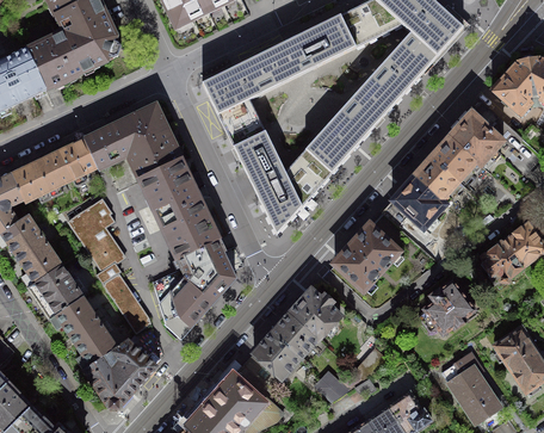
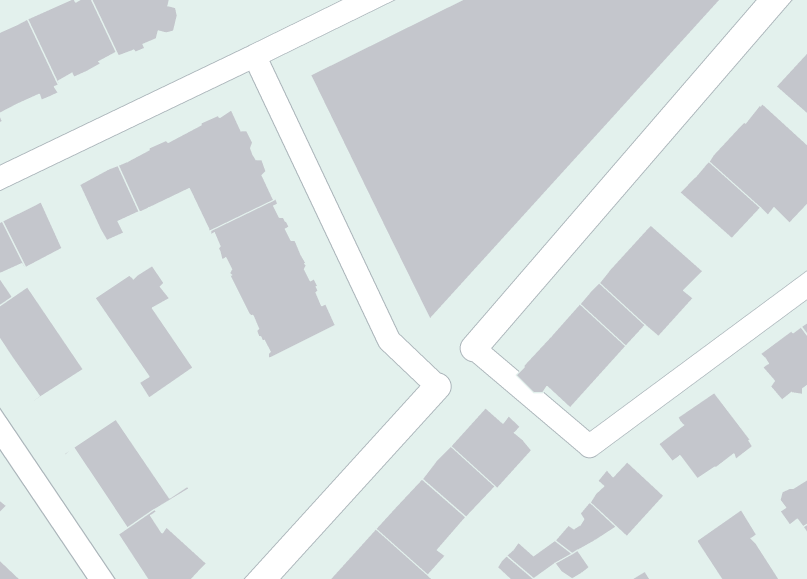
building: [35,150,72,190] -> none
building: [413,155,463,204] -> none
building: [153,237,234,335] -> none
building: [101,264,150,333] -> none
building: [27,265,81,317] -> none
building: none -> [590,462,664,537]
building: [105,339,159,385] -> none

